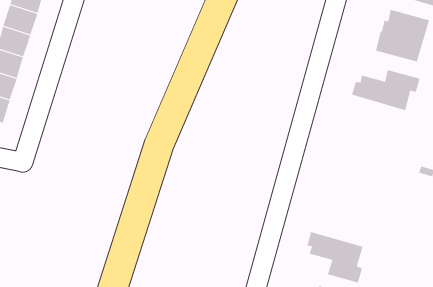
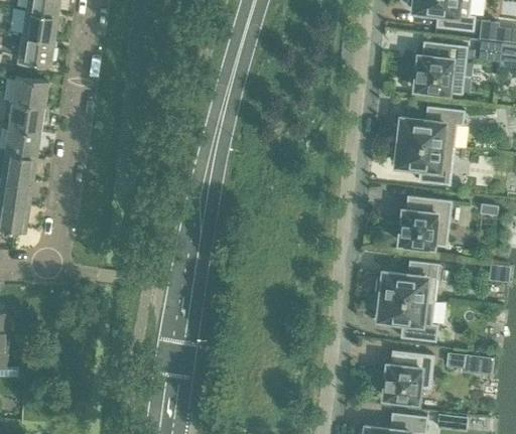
building: none -> [392,140,456,185]
building: none -> [397,195,449,246]
building: none -> [374,260,437,301]

